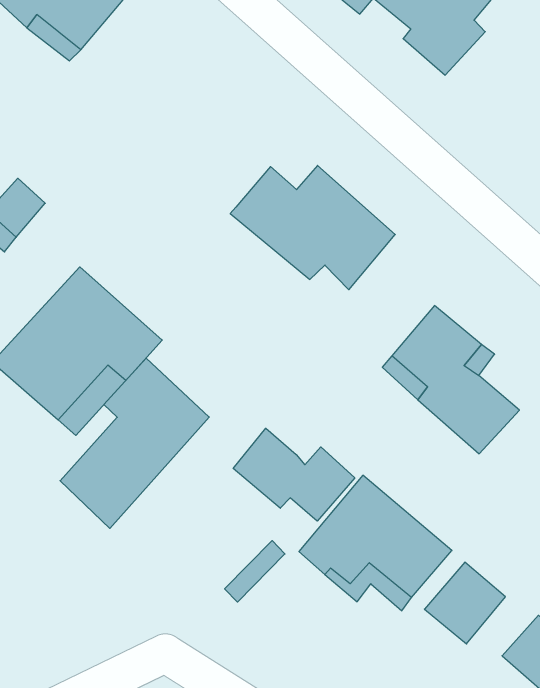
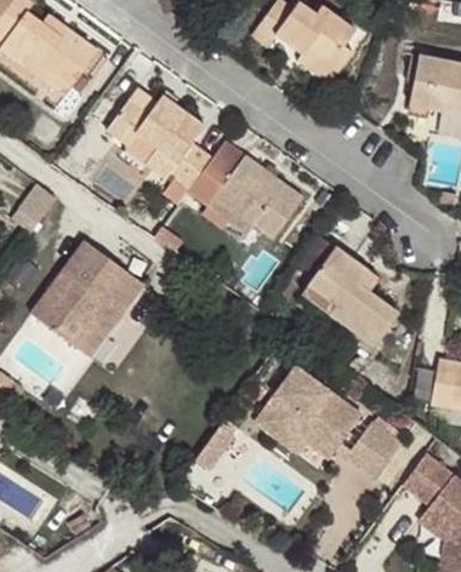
building: none -> [107,92,212,188]
building: [60,358,209,528] -> none
building: [233,428,355,521] -> none

